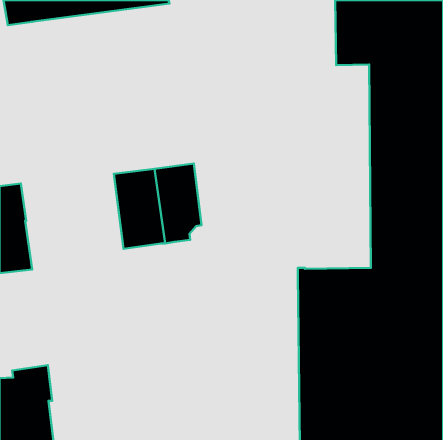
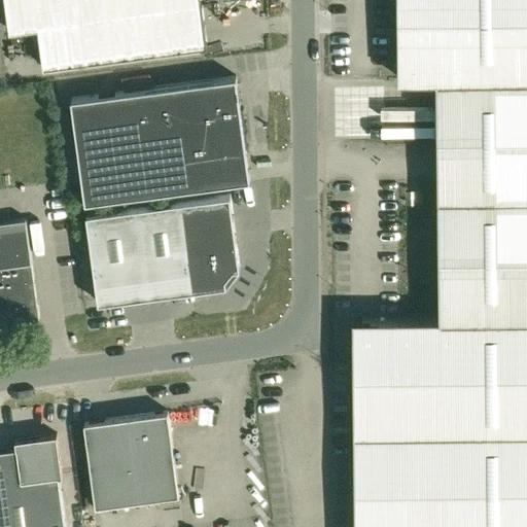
building: none -> [37,9,206,71]
building: none -> [70,80,249,206]
building: none -> [85,211,146,307]
building: none -> [83,415,178,510]

